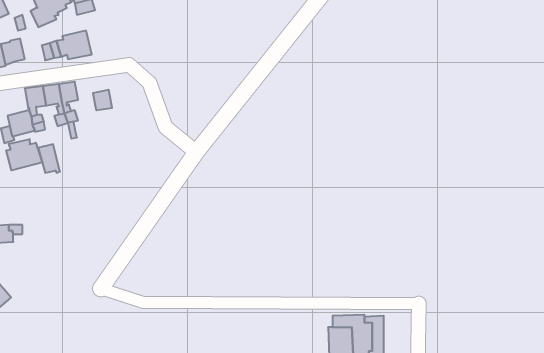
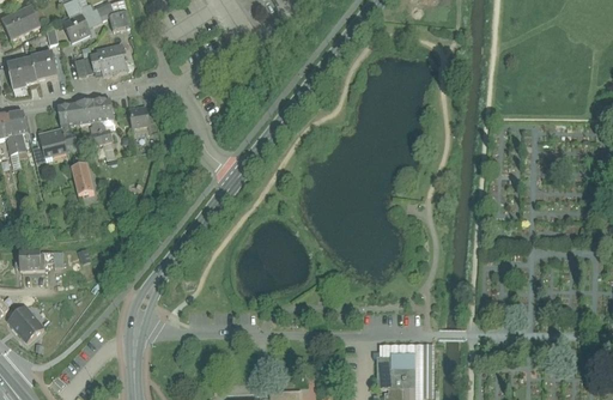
building: [6,139,42,170] -> none

